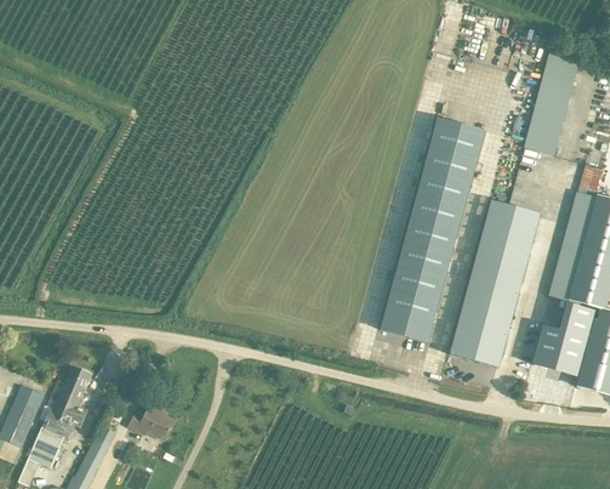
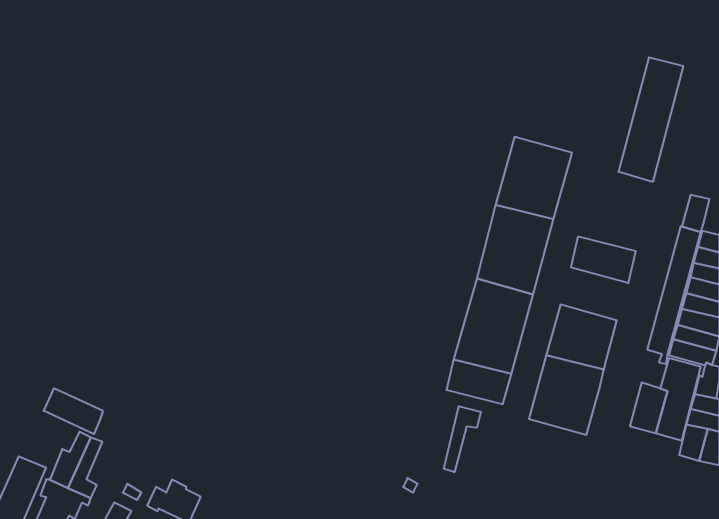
building: [475,227,532,272] -> none
building: none -> [44,388,103,434]
building: none -> [444,406,481,472]

